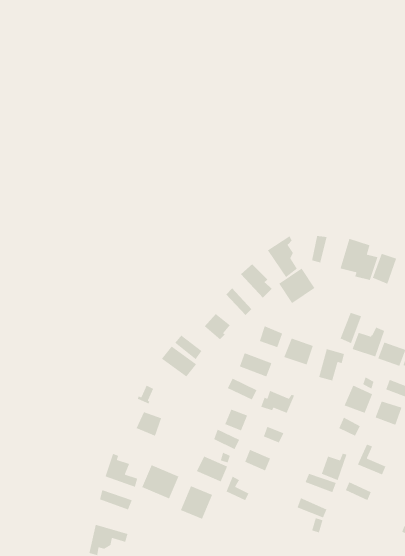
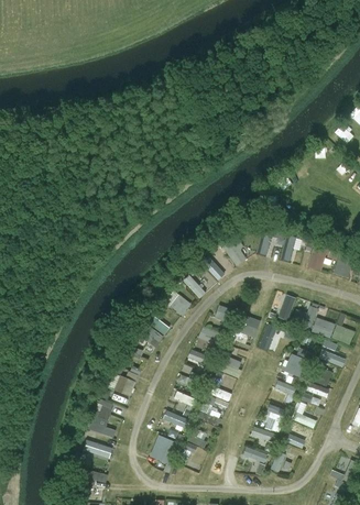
building: [278,268,315,304] -> none
building: [141,464,179,500] -> none

